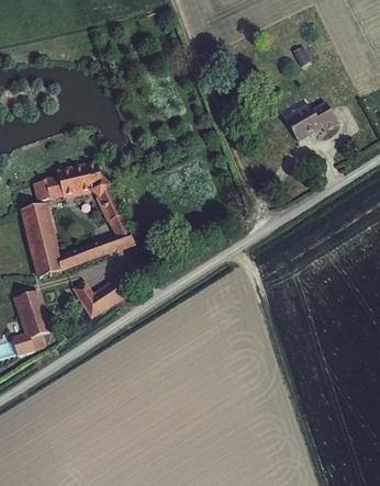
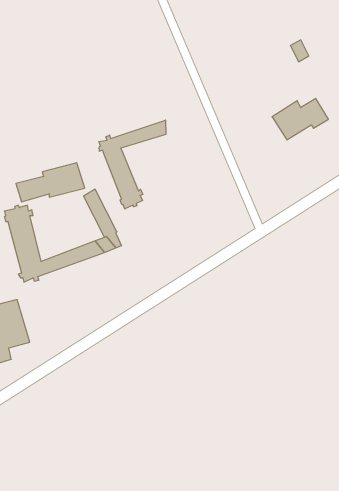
building: none -> [99,120,166,209]
building: [83,281,127,316] -> none

